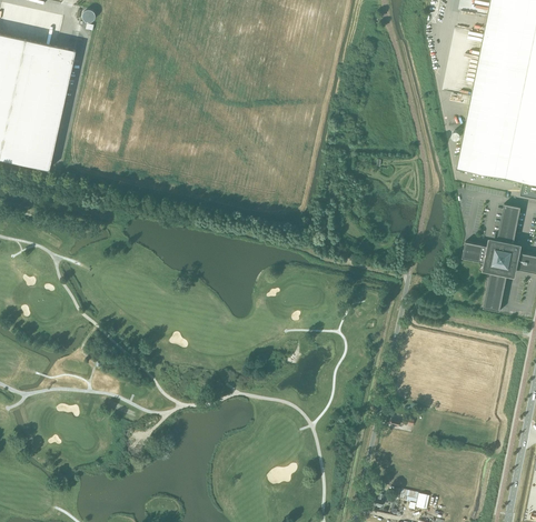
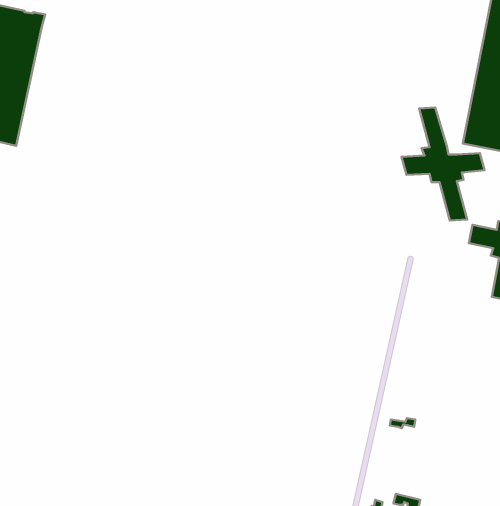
building: none -> [401,108,485,221]

